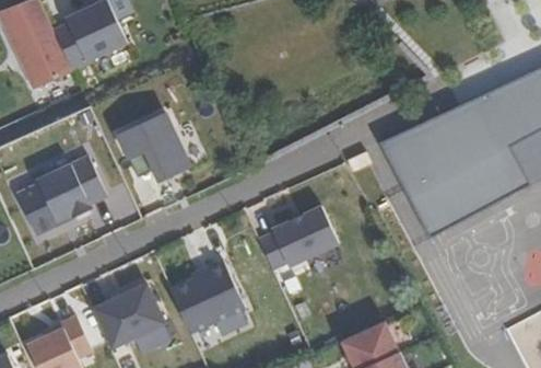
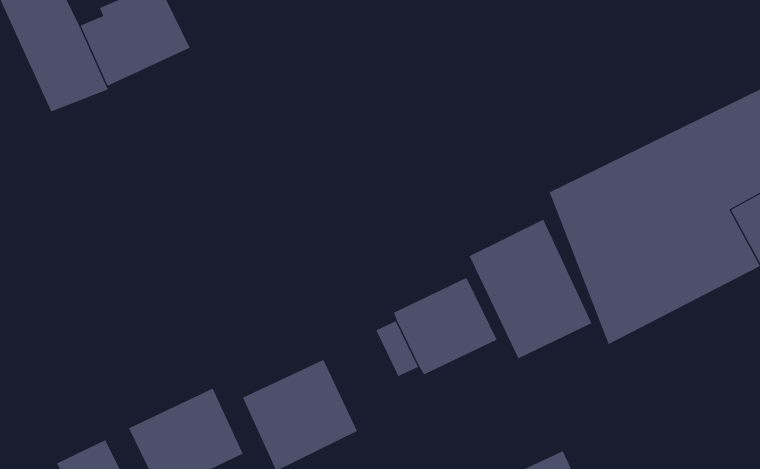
building: [115,106,193,182] -> none
building: [12,153,106,235] -> none
building: none -> [469,219,592,359]

